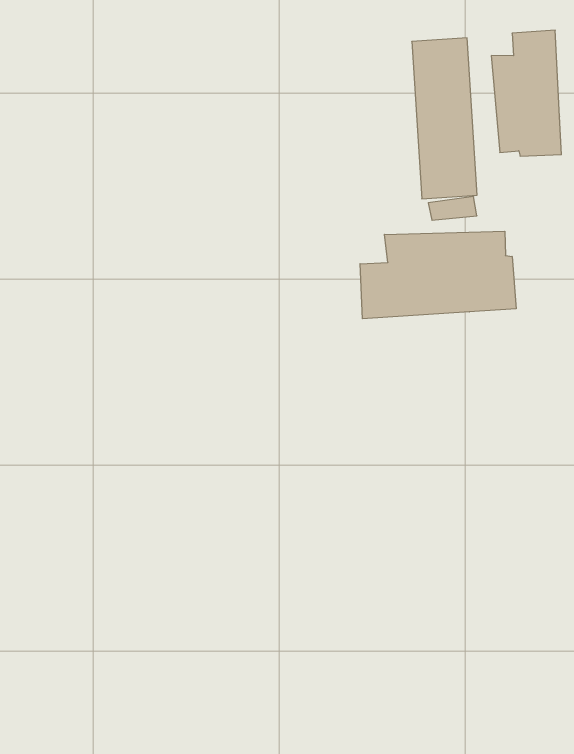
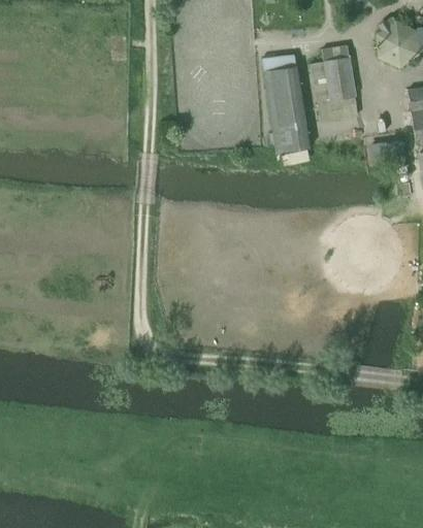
building: [360,231,516,319] -> none

